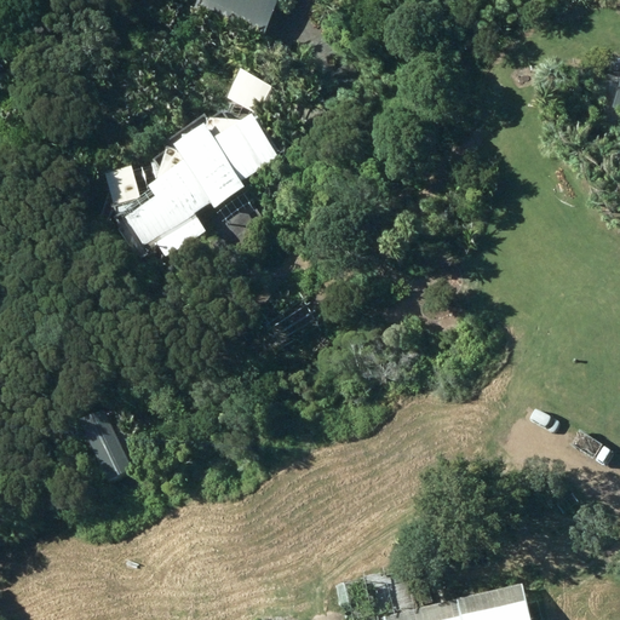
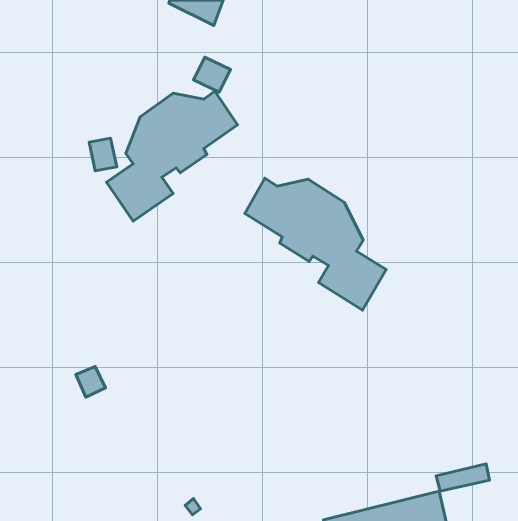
building: none -> [245,178,386,310]

